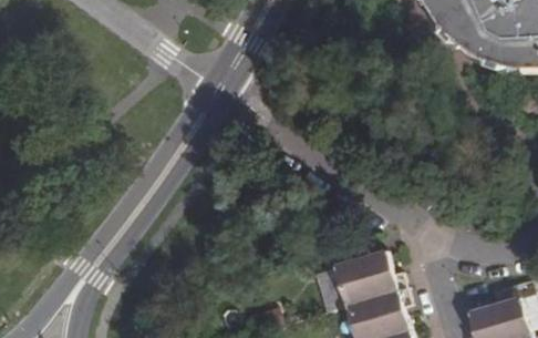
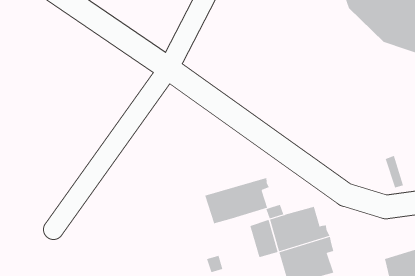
building: none -> [205,177,270,224]

